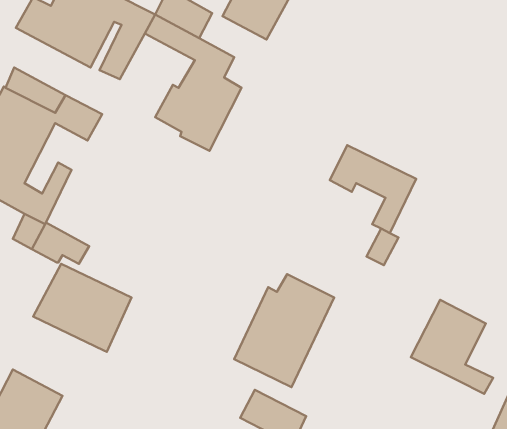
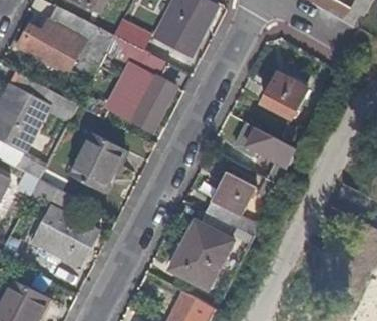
building: none -> [258,76,305,121]
building: none -> [70,132,125,194]
building: [411,300,493,394] -> [203,175,259,239]

